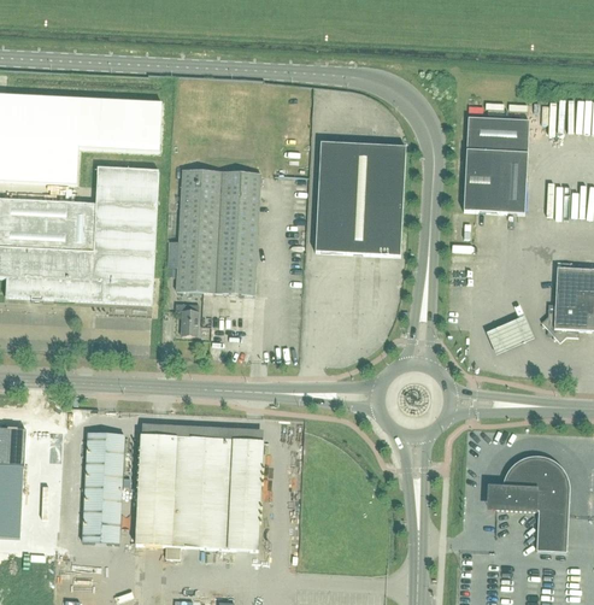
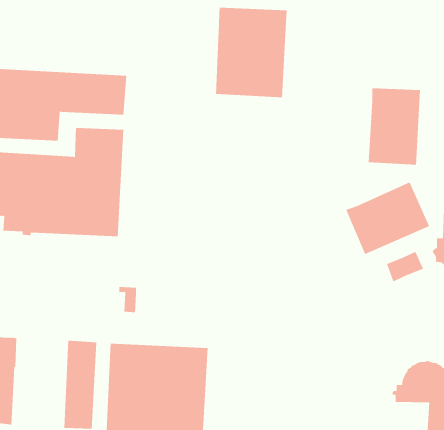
building: [314,141,405,254] -> [215,7,288,98]
building: [166,168,260,293] -> none
building: none -> [346,181,430,255]
building: [175,301,198,334] -> [119,287,137,313]

